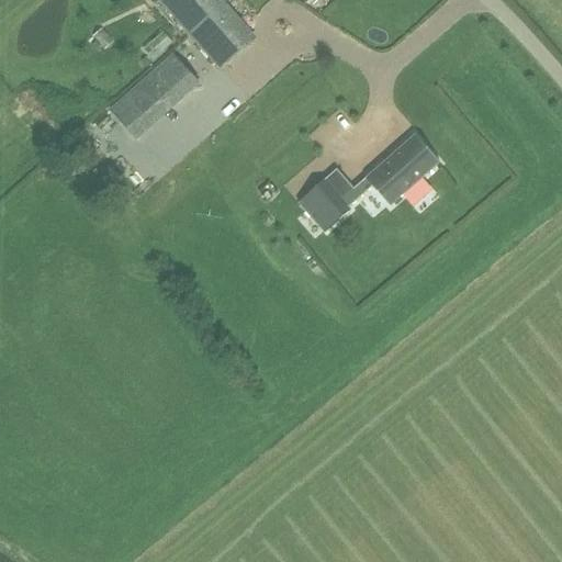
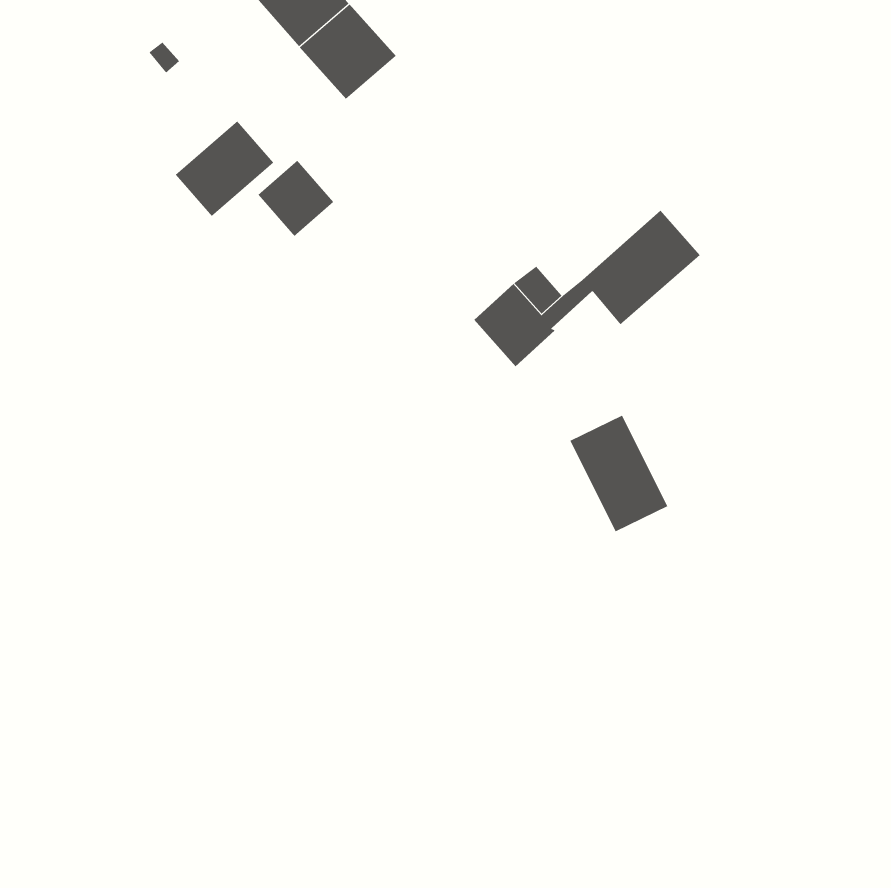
building: [150,54,199,102] -> [257,160,334,237]
building: none -> [570,415,668,532]

